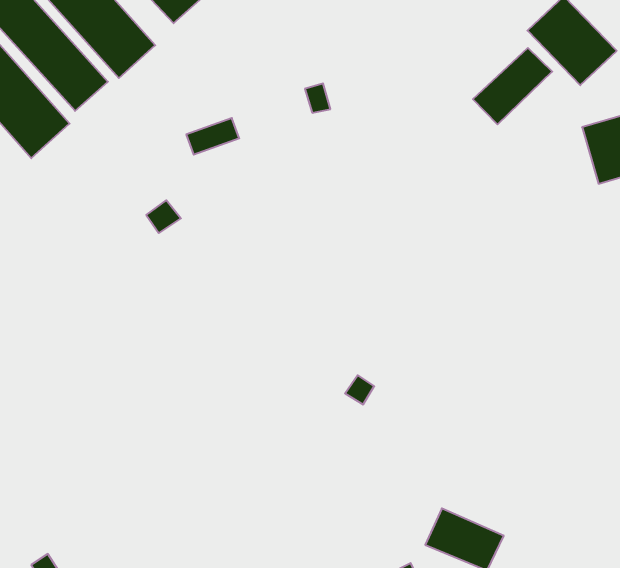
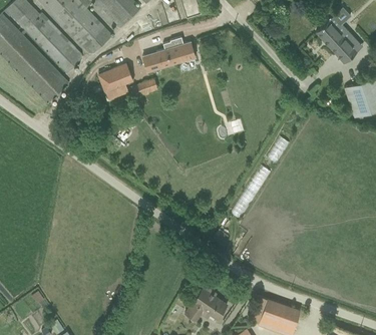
building: none -> [139,35,194,71]
building: [473,48,552,124] -> none
building: none -> [99,62,130,92]
building: none -> [185,283,232,316]

